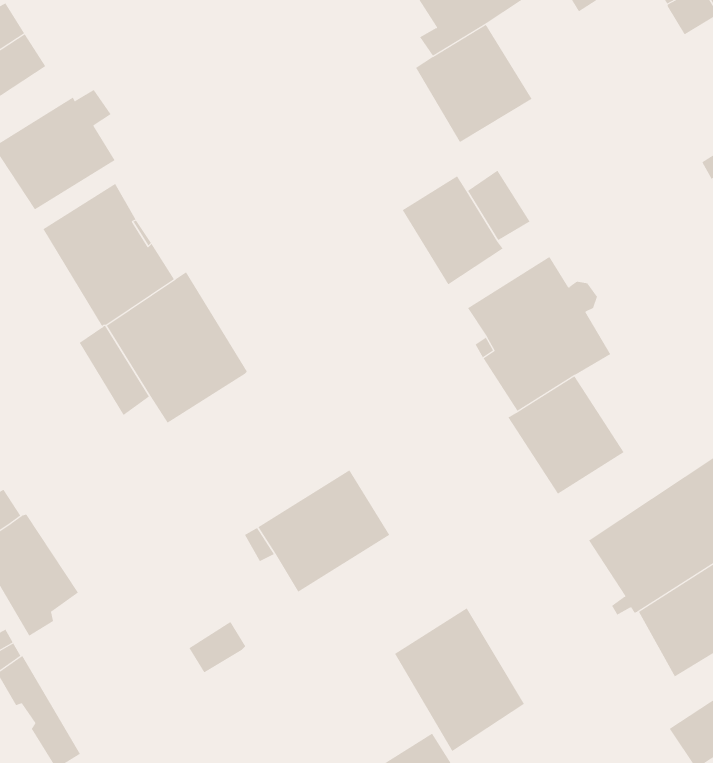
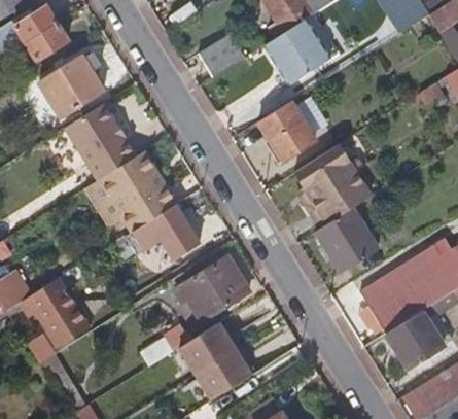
building: none -> [199,35,241,77]
building: none -> [126,207,202,264]
building: [394,608,525,752] -> [181,325,251,403]

